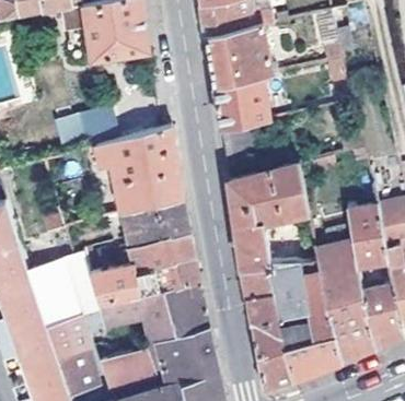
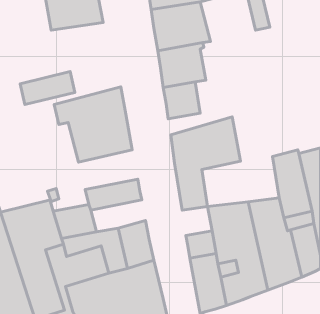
building: [120,199,189,245] -> none
building: [135,257,198,294] -> none
building: [241,264,276,298] -> none

